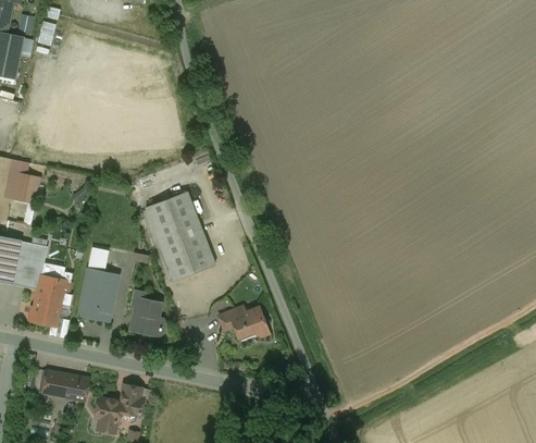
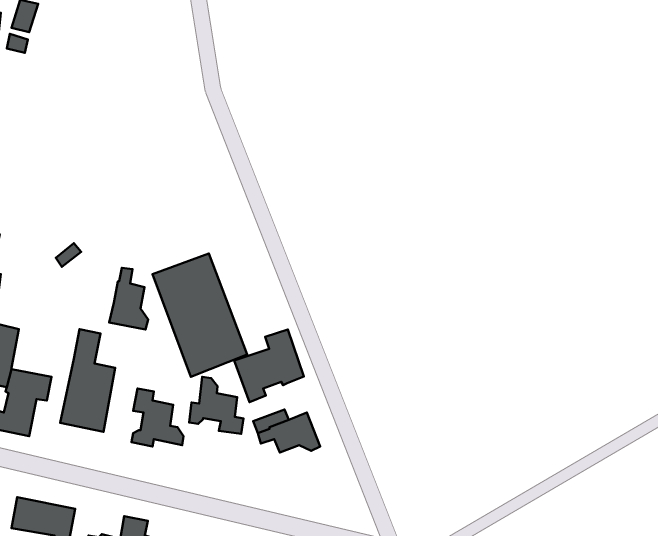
building: none -> [109,268,148,330]
building: none -> [234,330,304,402]
building: none -> [189,377,244,434]

